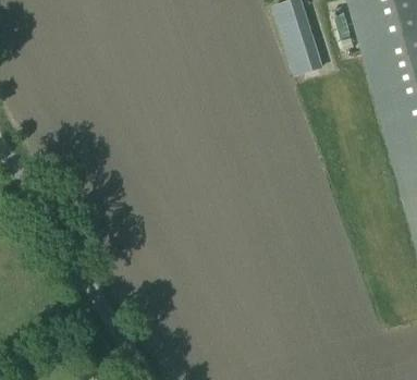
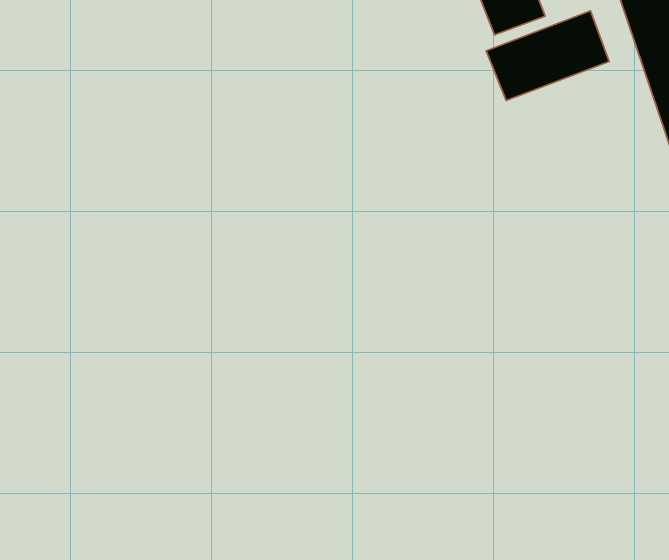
building: none -> [486,11,609,101]

